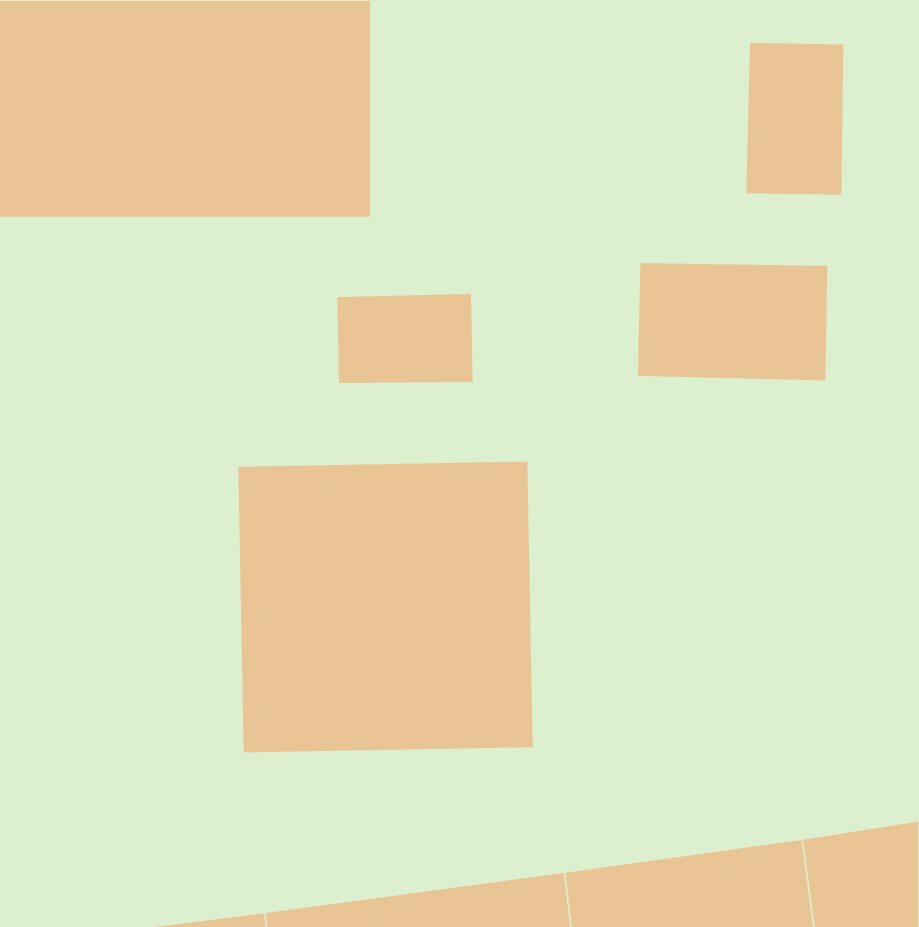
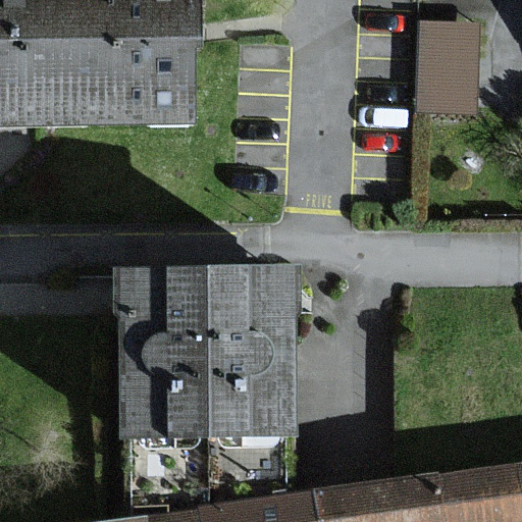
building: [637,263,828,381] -> none
building: [337,293,474,384] -> none

